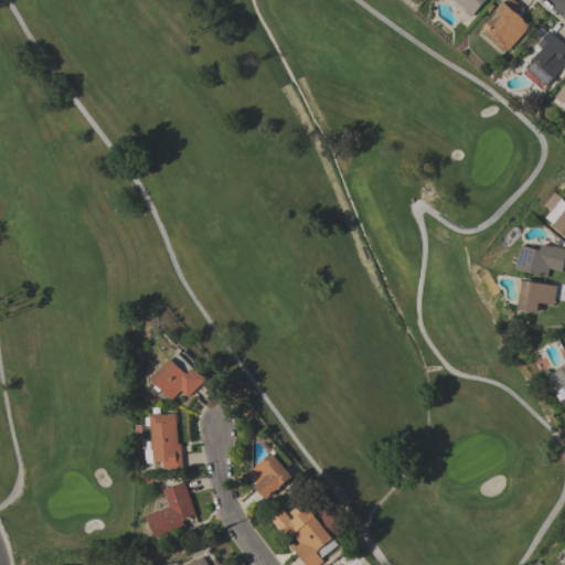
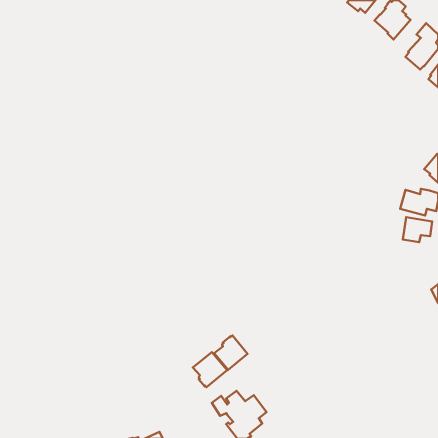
building: [152,353,206,399] -> none
building: [150,407,183,470] -> none
building: none -> [214,336,248,370]
building: [147,482,195,539] -> none

